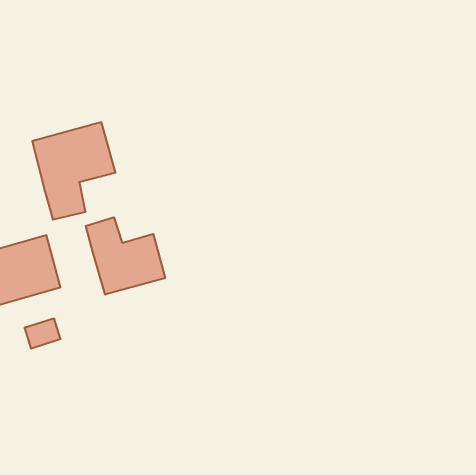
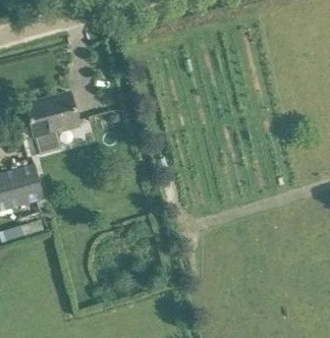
building: [86,217,165,295] -> none

